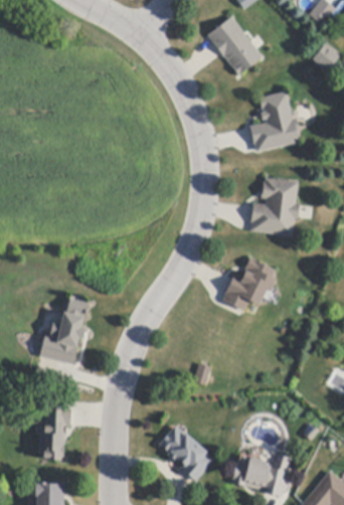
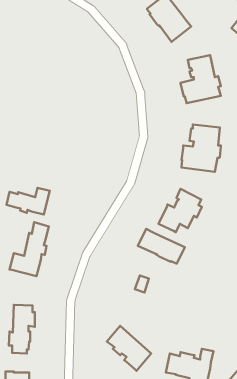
building: none -> [6,188,50,214]
building: none -> [138,229,185,263]

